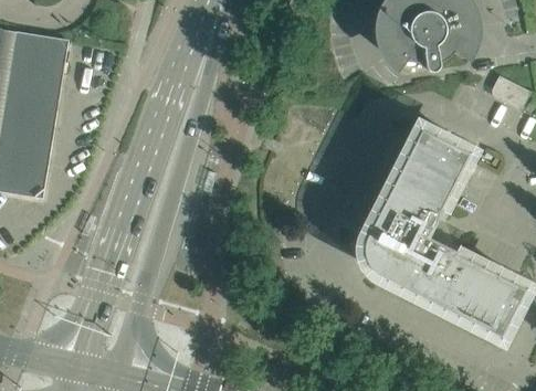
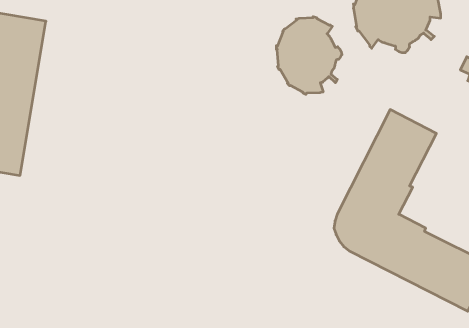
building: none -> [276,17,342,94]

